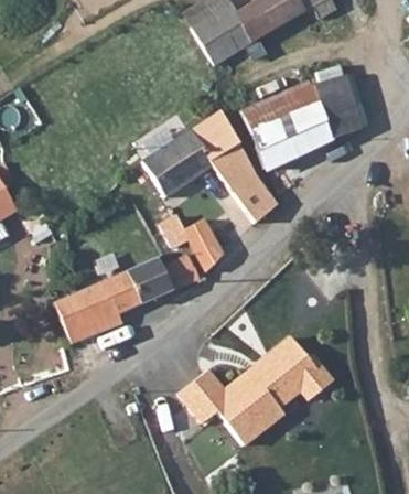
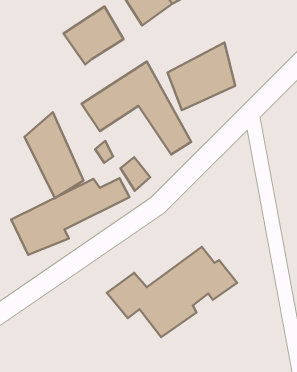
building: none -> [64,7,123,64]
building: [315,74,356,140] -> none
building: none -> [24,112,84,198]

